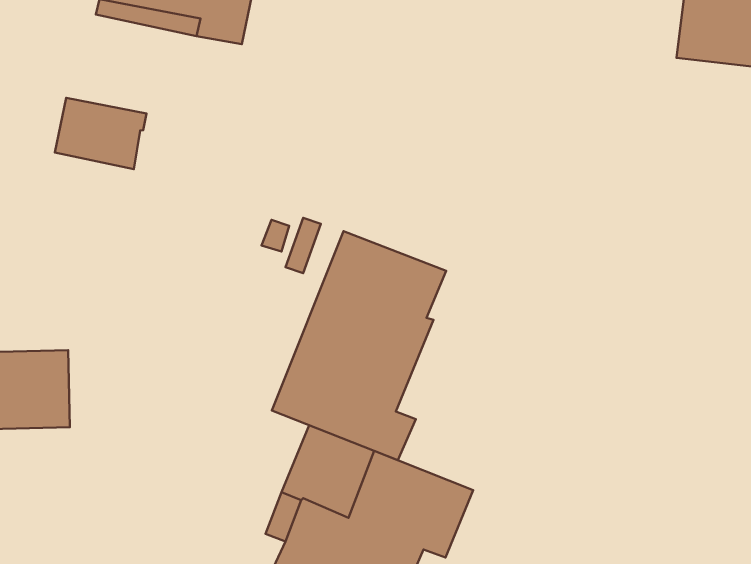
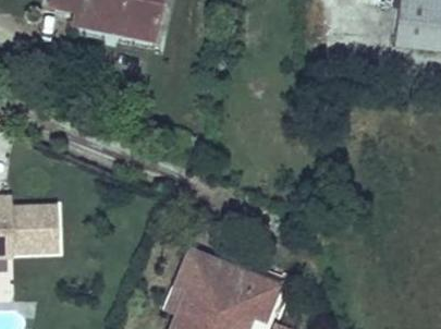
building: [55,98,146,169] -> none
building: [272,231,446,460] -> none

